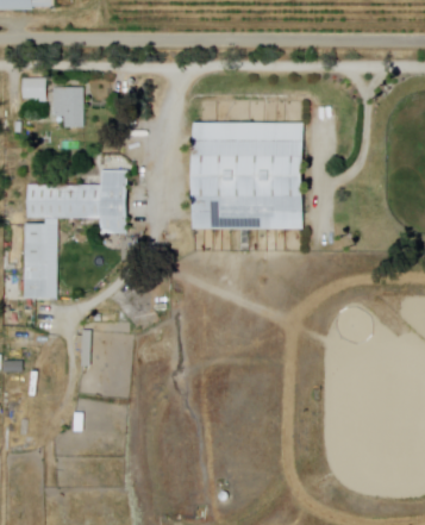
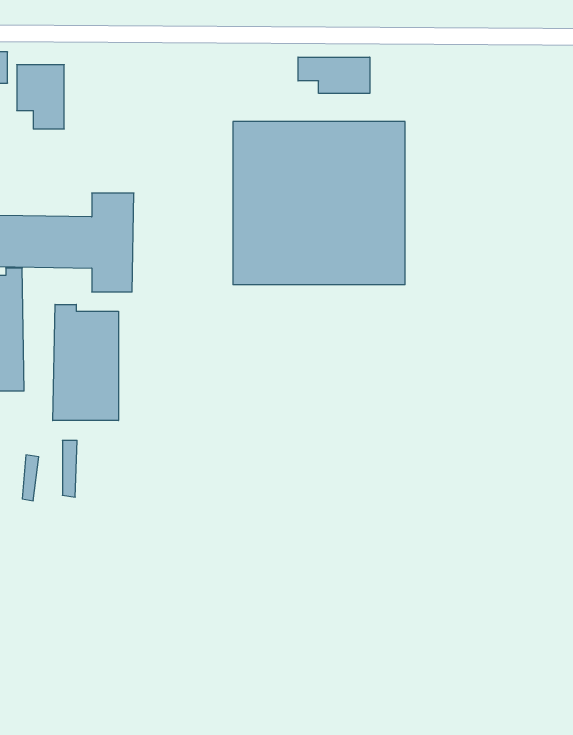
building: none -> [298,57,370,93]
building: none -> [53,304,118,421]

